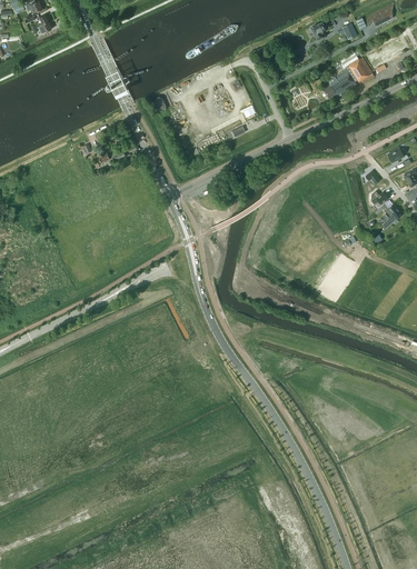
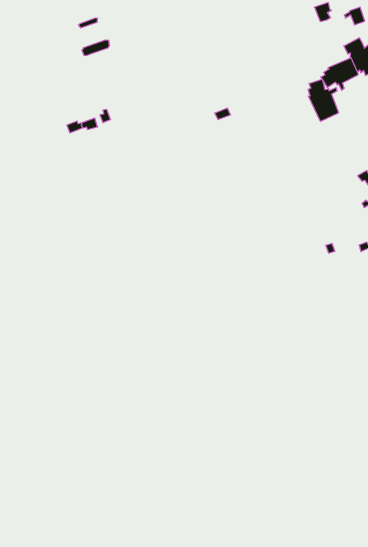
building: none -> [308,79,338,121]

